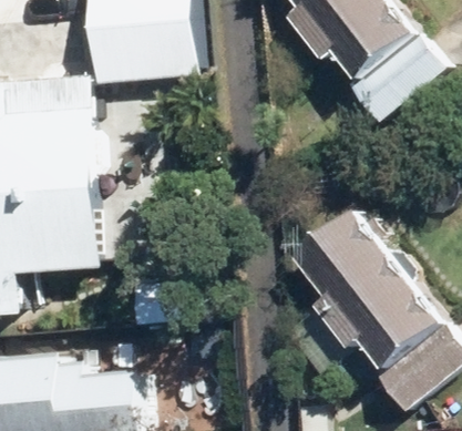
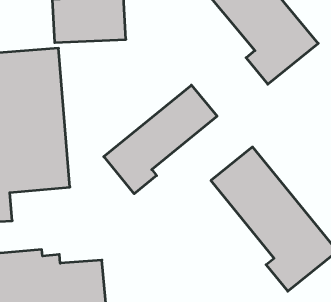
building: none -> [104,85,217,194]

